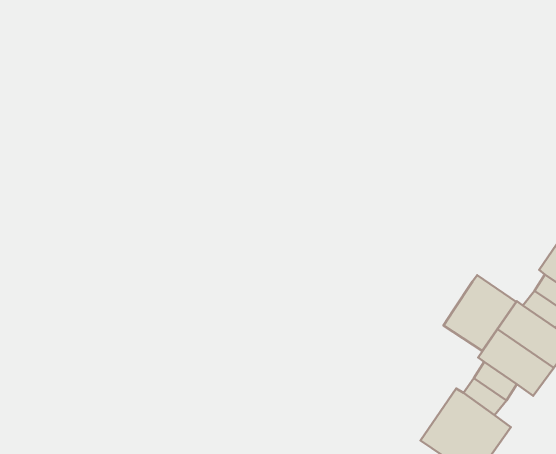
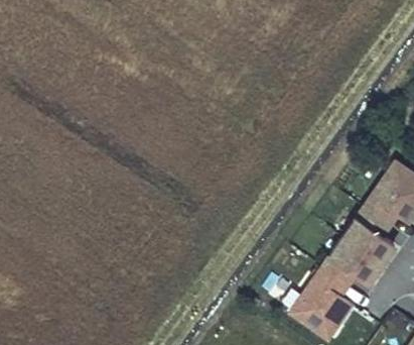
building: [444,275,516,351] -> none

